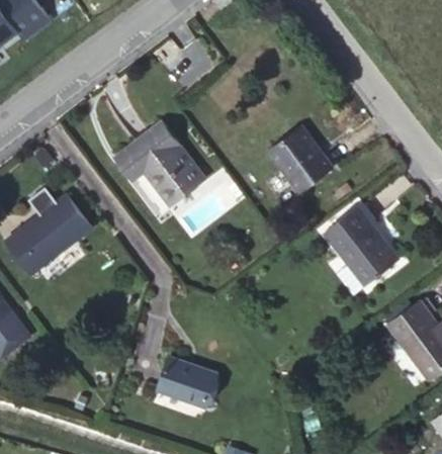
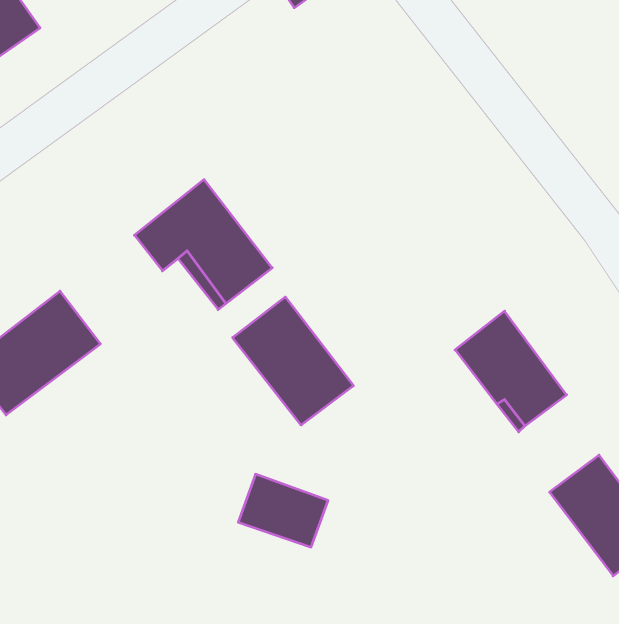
building: [269,127,331,192] -> none
building: none -> [233,297,353,425]
building: [157,358,215,405] -> [238,474,328,547]

